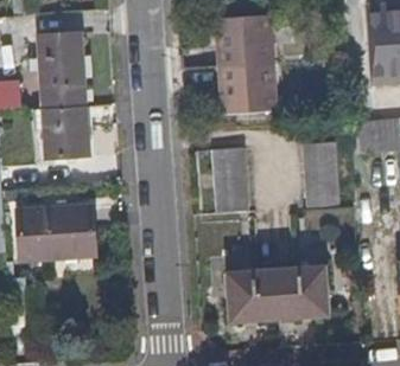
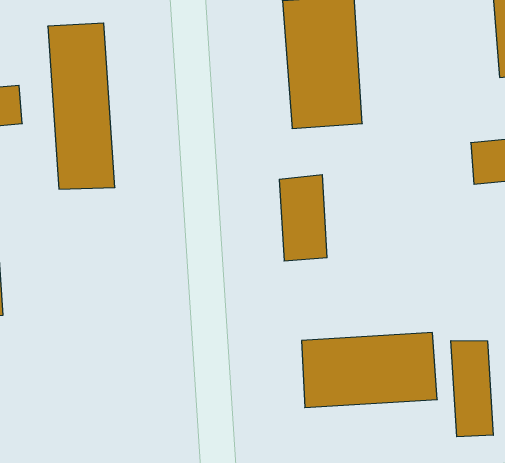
building: [301,142,337,205] -> none
building: [19,207,95,259] -> none
building: none -> [451,341,493,437]

